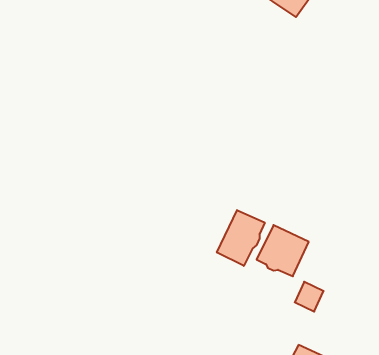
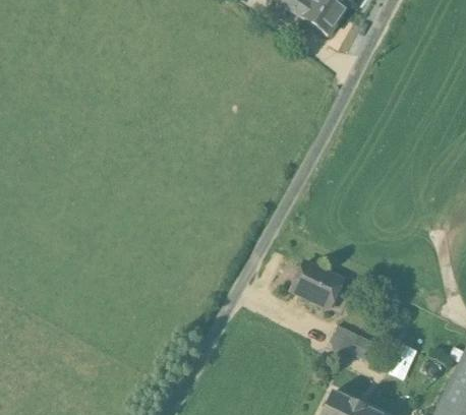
building: [217,210,265,266] -> none

